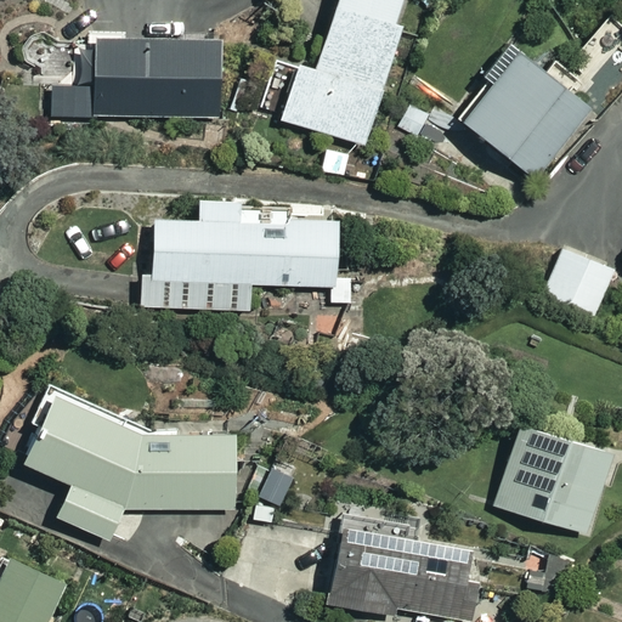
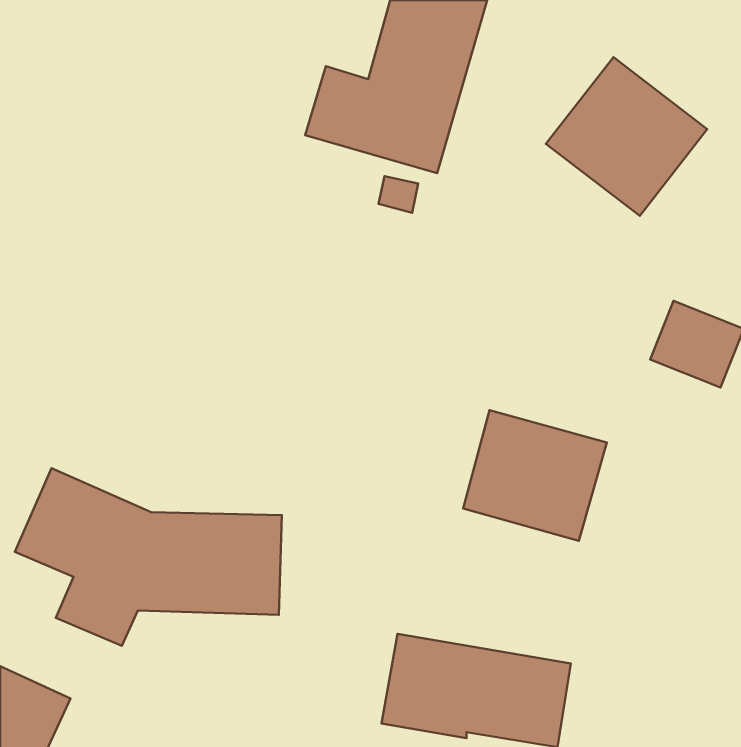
building: [91,36,222,117] -> none
building: [142,198,338,311] -> none
building: [493,425,612,533] -> [463,410,607,541]

